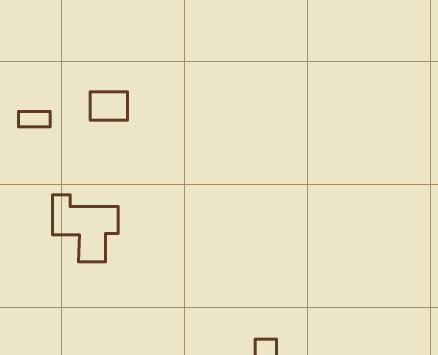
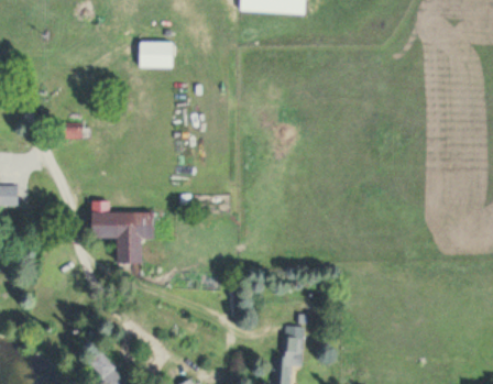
building: [90,92,128,120] -> [138,41,173,67]

